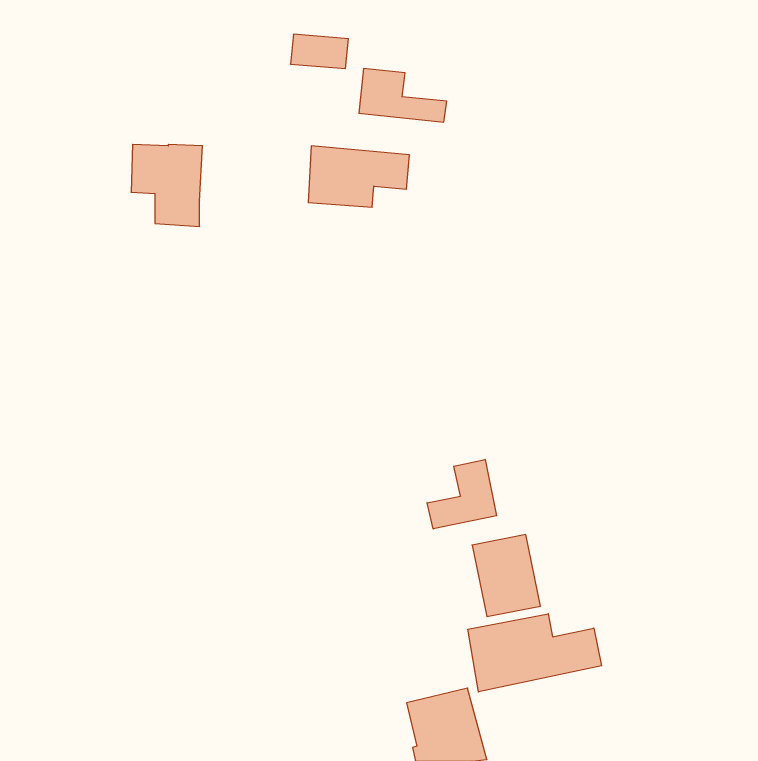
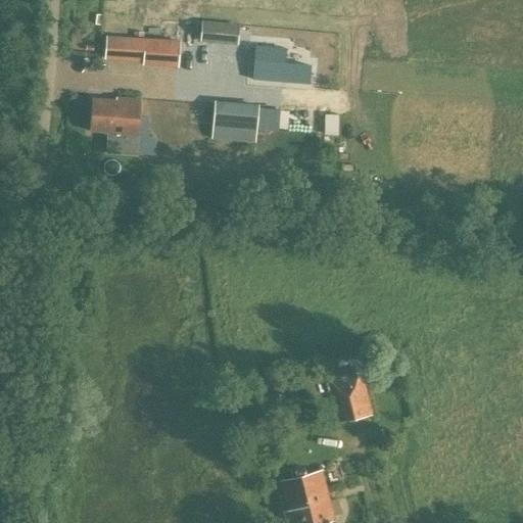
building: none -> [106,37,180,67]
building: [427,459,497,529] -> none
building: [468,614,602,692] -> none

